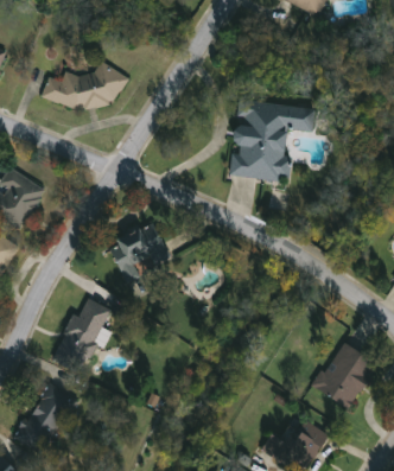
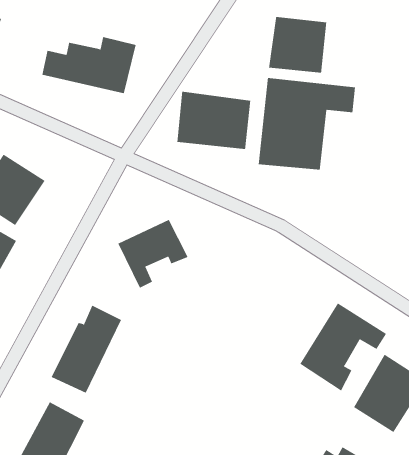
building: none -> [268,16,327,73]
building: none -> [177,91,251,150]
building: none -> [299,303,387,391]

